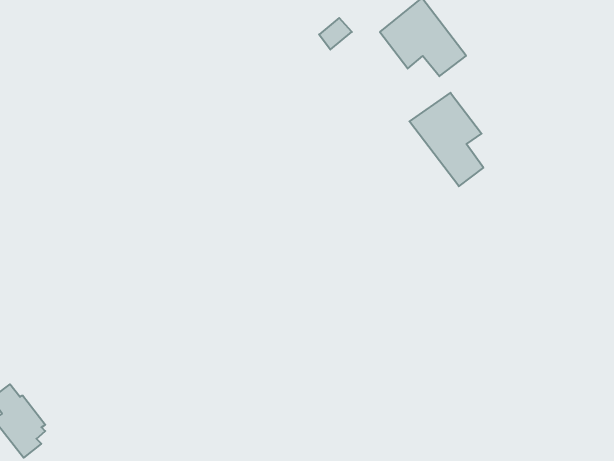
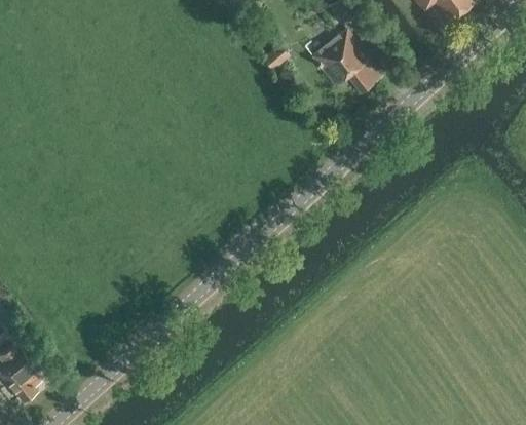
building: [409,93,483,186] -> none

